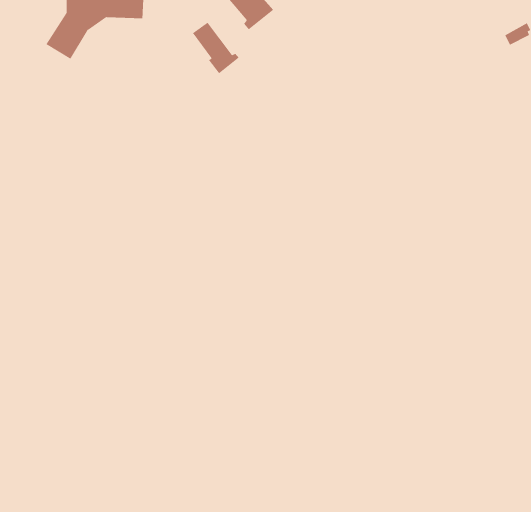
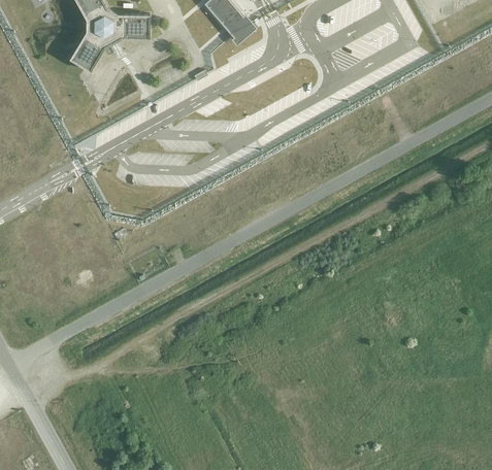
building: [192,22,239,74] -> none

